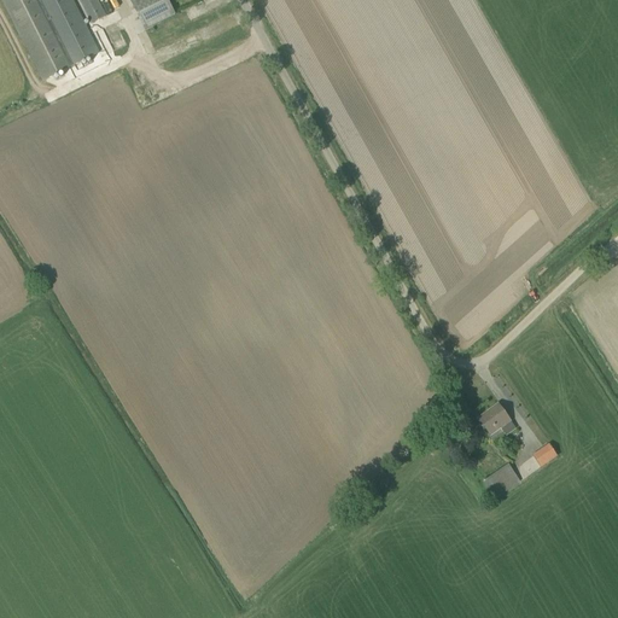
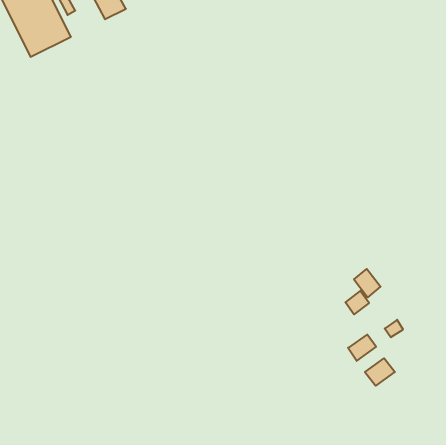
building: none -> [354,269,381,297]
building: none -> [365,358,395,386]

